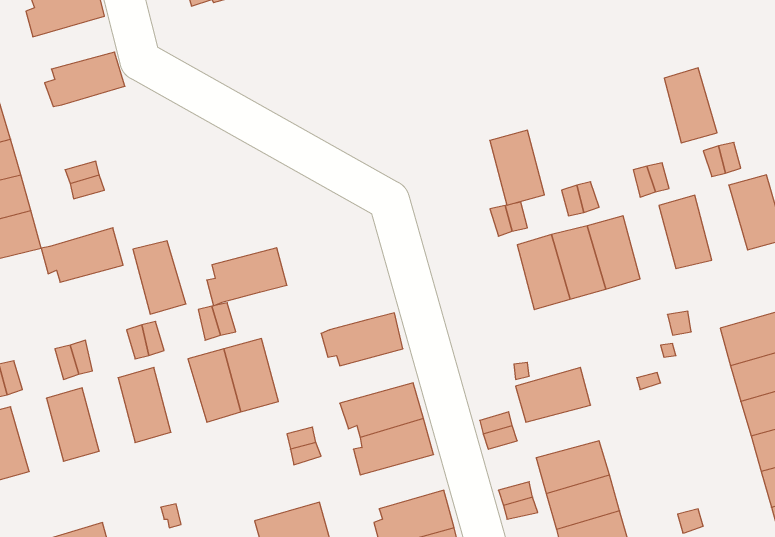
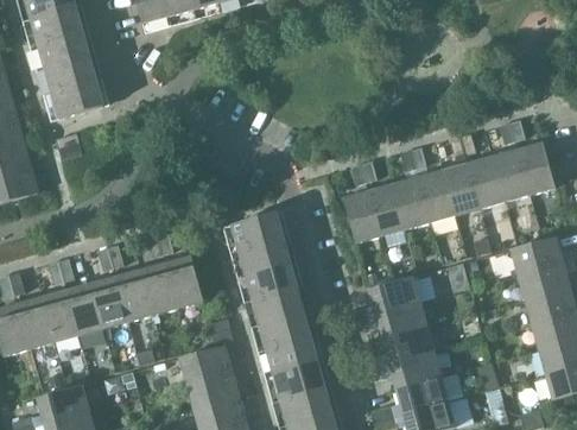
building: none -> [32,31,89,68]
building: [664,68,717,143] -> [493,148,530,201]
building: [490,130,544,205] -> [343,190,381,242]
building: none -> [443,163,480,214]
building: [41,228,123,282] -> [46,80,103,118]
building: [133,241,186,314] -> [116,270,153,321]
building: [207,248,287,306] -> [228,211,284,252]
building: none -> [241,263,297,301]
building: none -> [66,283,103,334]
building: none -> [17,297,53,348]
building: none -> [375,302,426,339]
building: none -> [260,336,318,374]
building: none -> [179,344,232,382]

